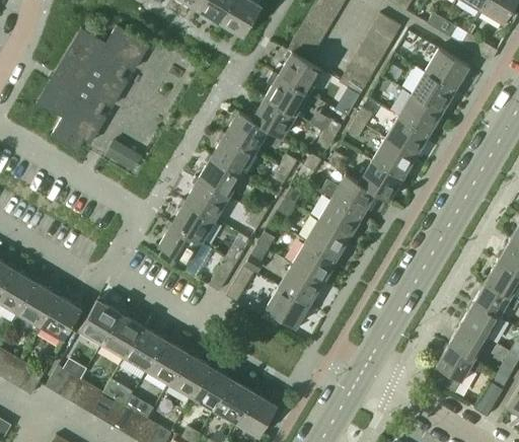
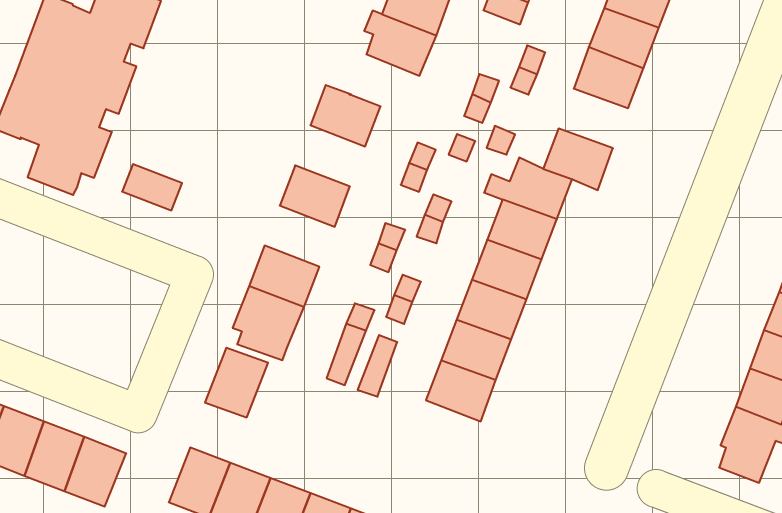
building: [251,97,295,138] -> none
building: [212,134,255,174] -> none
building: [372,139,416,178] -> none
building: [186,178,229,219] -> none
building: [79,300,121,344] -> [205,348,268,417]

